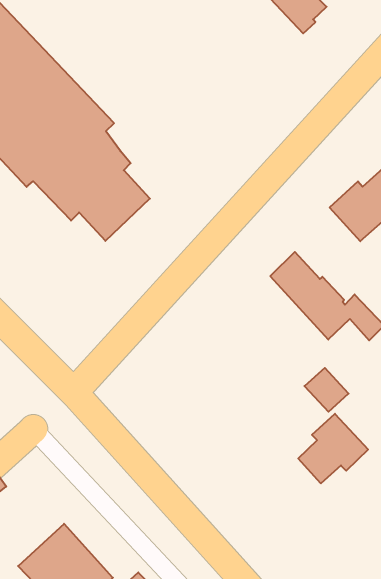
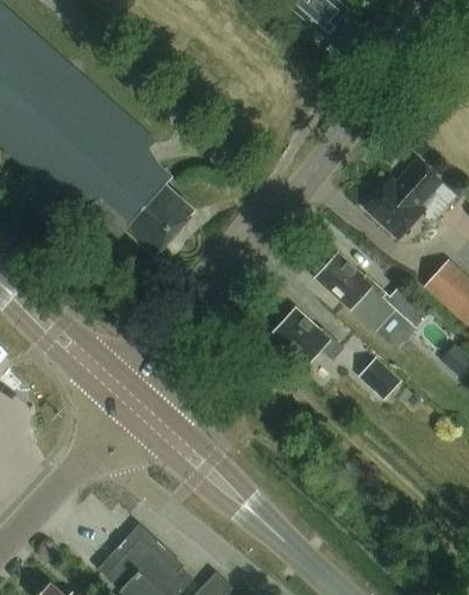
building: none -> [273,306,344,362]
building: [298,414,368,483] -> none

